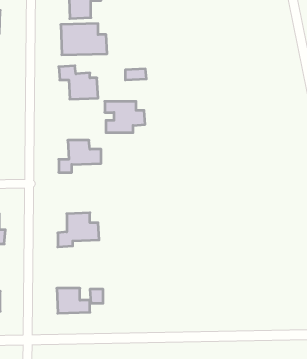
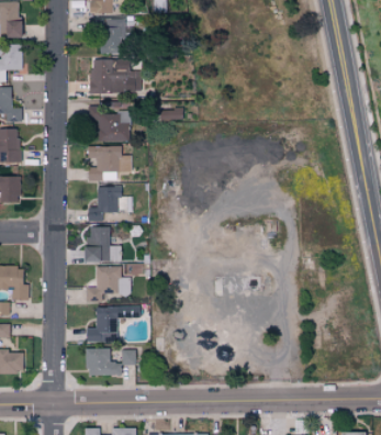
building: [105,101,145,133] -> [88,146,132,180]
building: none -> [82,227,122,261]
building: none -> [86,305,139,343]

